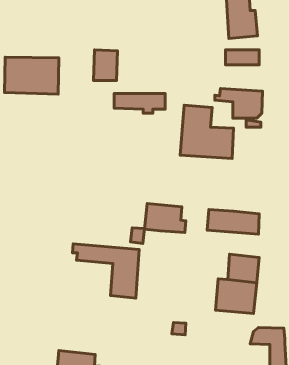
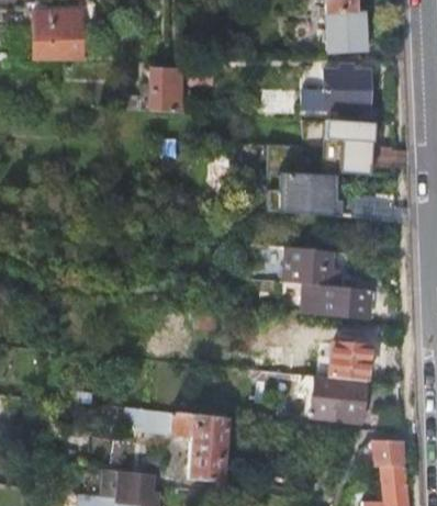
building: [4,57,59,94] -> [33,11,105,60]
building: [114,93,165,113] -> [303,89,371,115]
building: [145,204,186,232] -> [283,246,338,284]
building: [72,244,139,298] -> [137,409,226,482]

